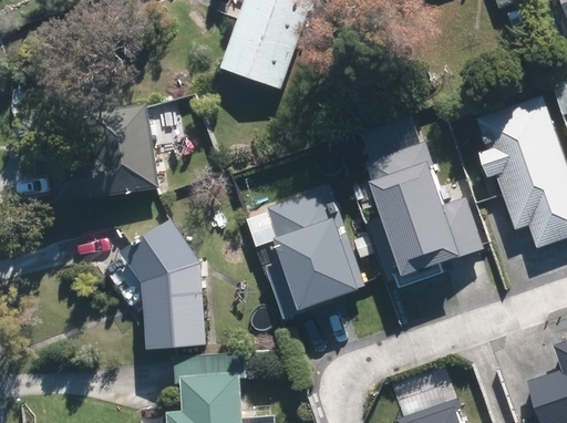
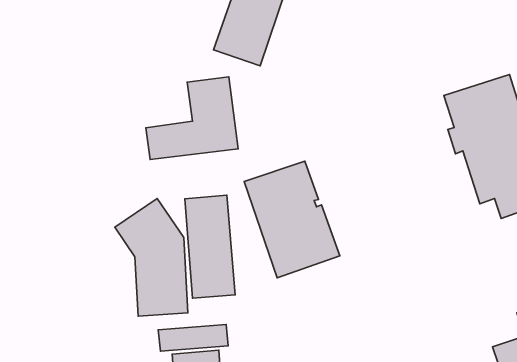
building: [58,113,154,199] -> [146,77,238,160]
building: [362,143,480,288] -> none
building: none -> [185,195,235,298]

